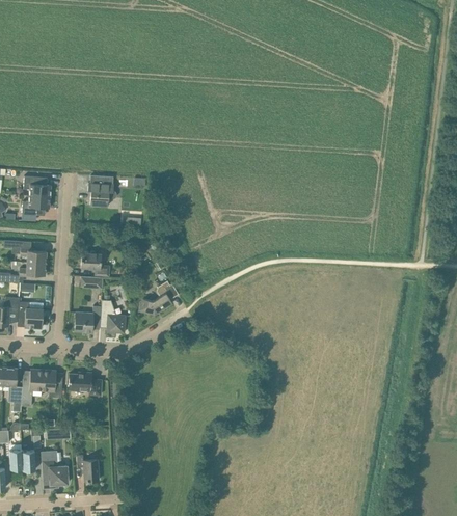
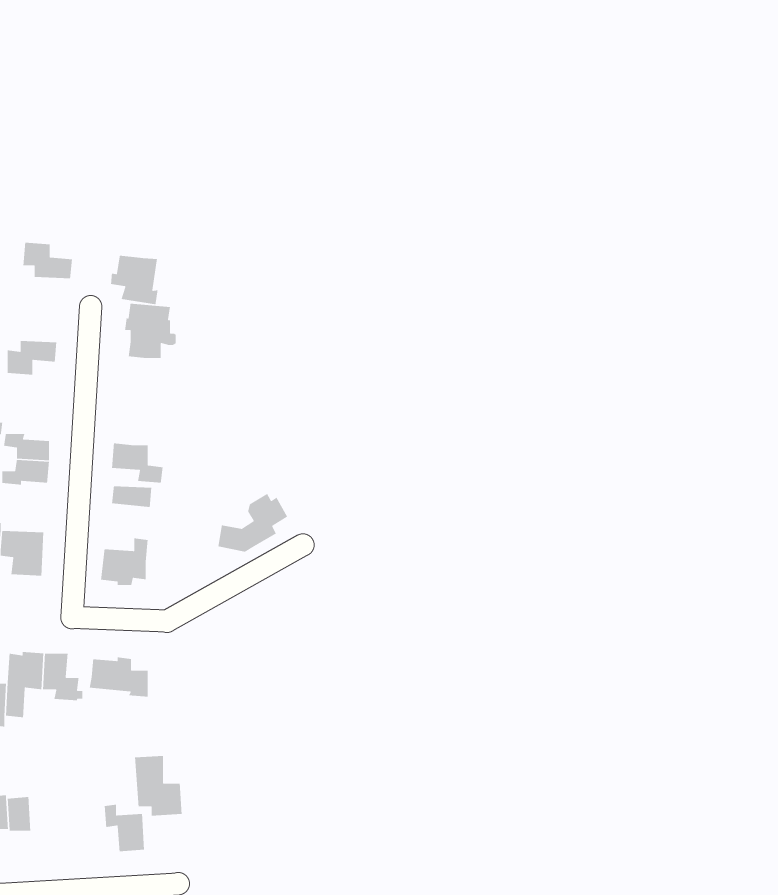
building: none -> [110,255,158,305]
building: [23,176,51,197] -> [23,242,73,279]
building: [100,300,126,333] -> none
building: [41,451,68,485] -> [134,755,182,816]

